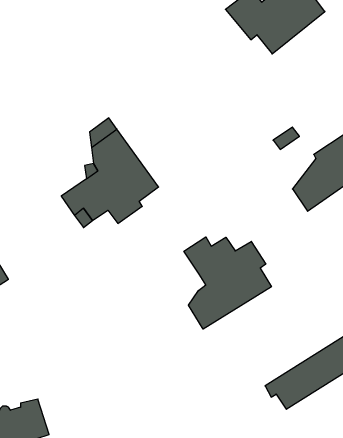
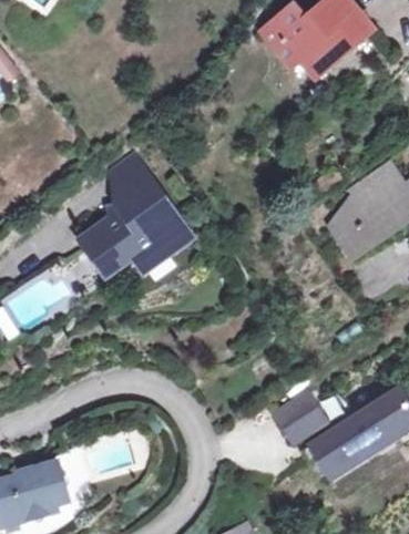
building: [184,237,271,329] -> none
building: none -> [275,391,325,440]

